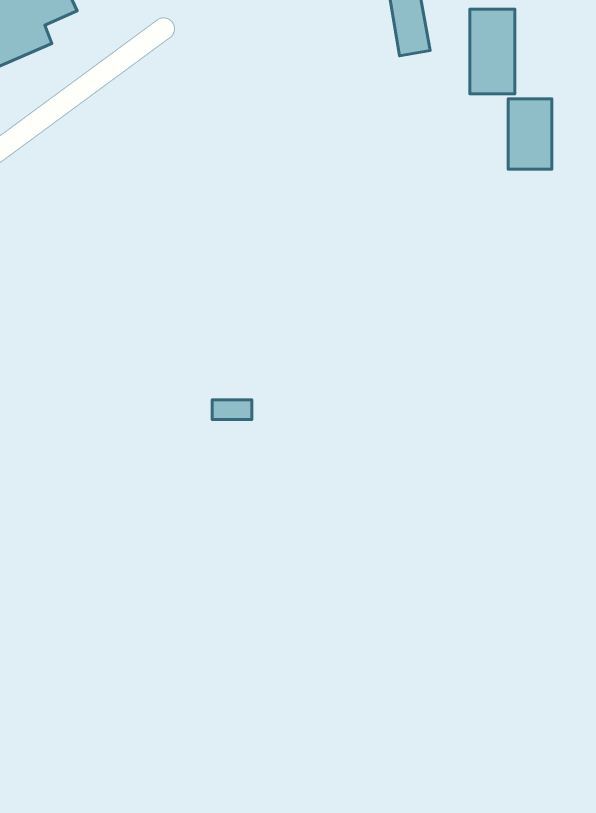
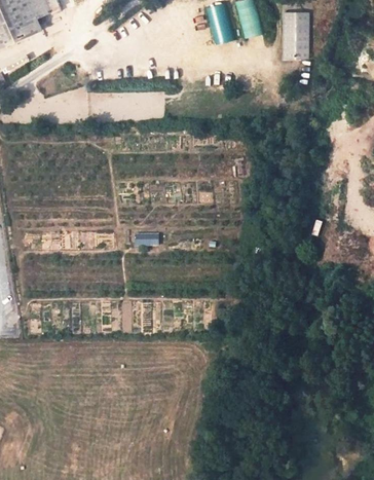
building: [508,99,552,169] -> none

